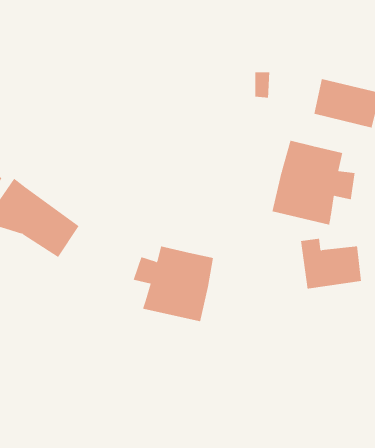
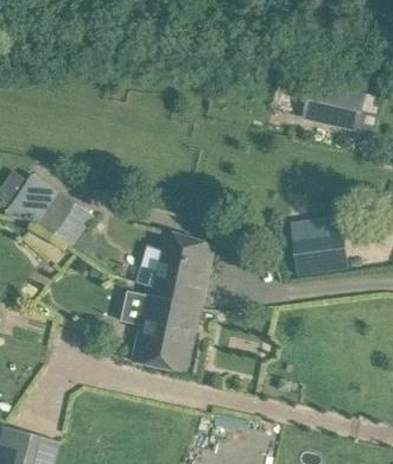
building: [272,140,355,226] -> none
building: none -> [119,290,199,371]

